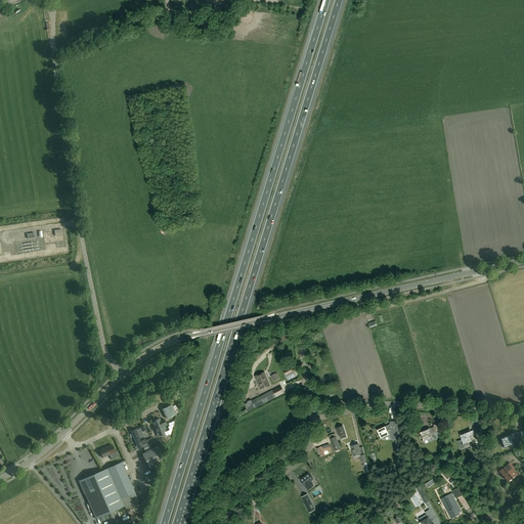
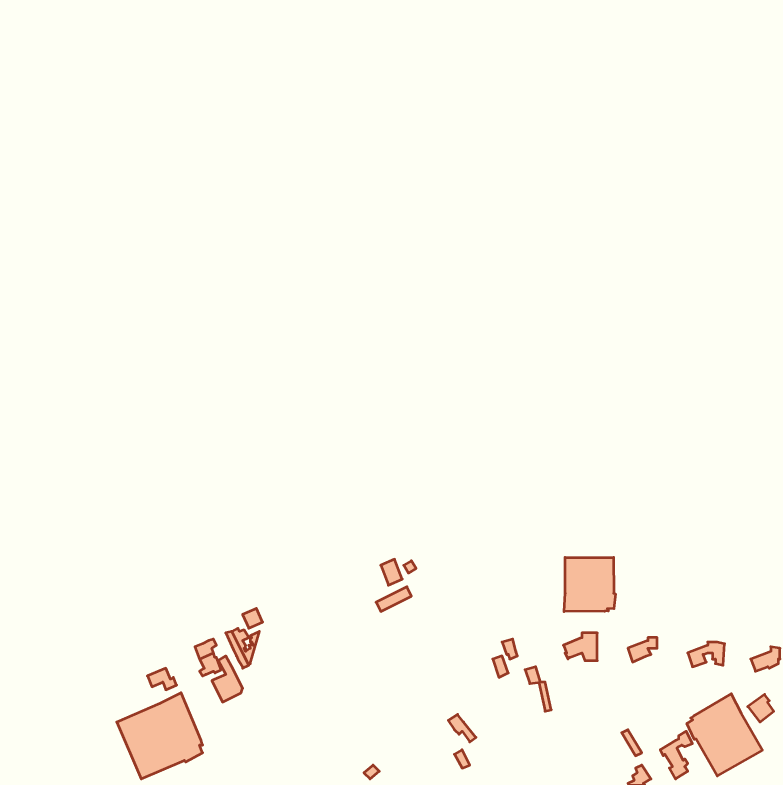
building: none -> [564,557,615,612]
building: none -> [687,694,762,776]

